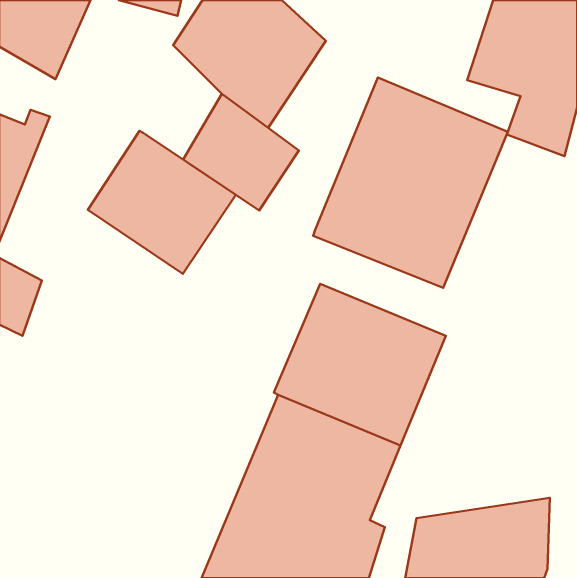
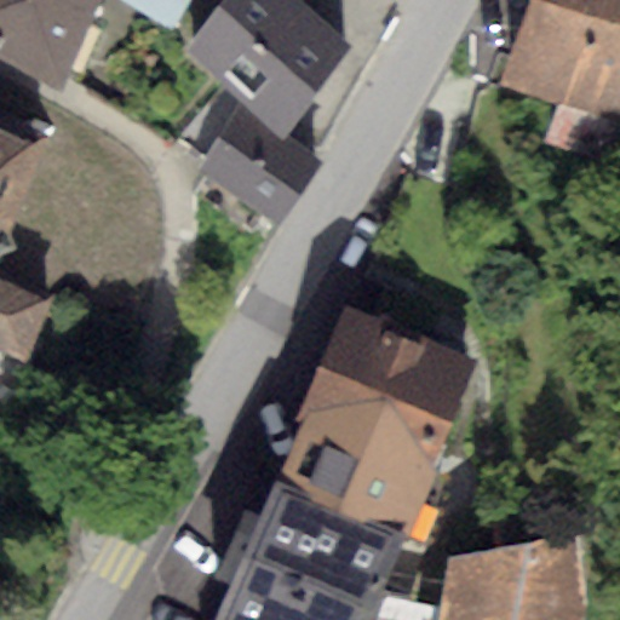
building: [313,78,508,288] -> none
building: [88,131,236,274] -> none

